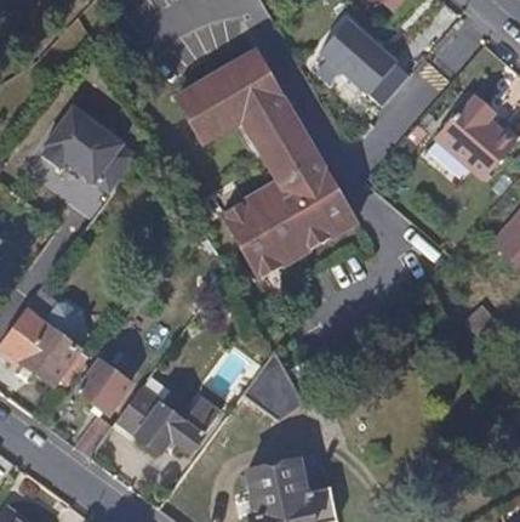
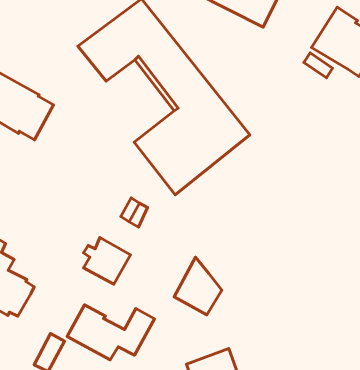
building: [75,359,130,414] -> [84,237,130,284]

